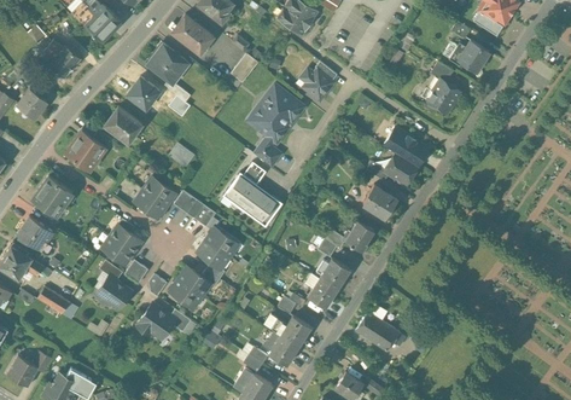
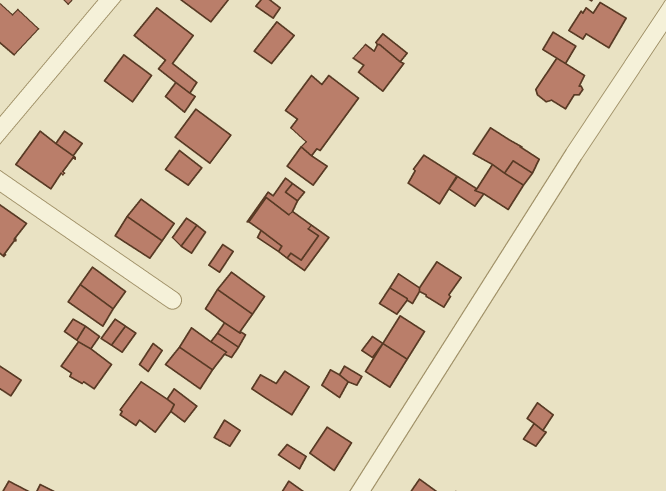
building: [104,106,142,144] -> [175,109,231,163]
building: [363,186,397,220] -> [408,155,457,204]
building: [355,307,404,352] -> none
building: [270,317,310,347] -> [252,371,309,415]

